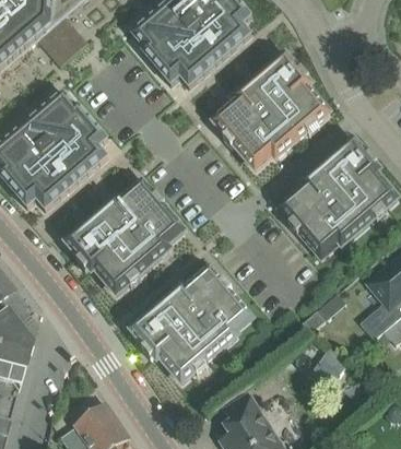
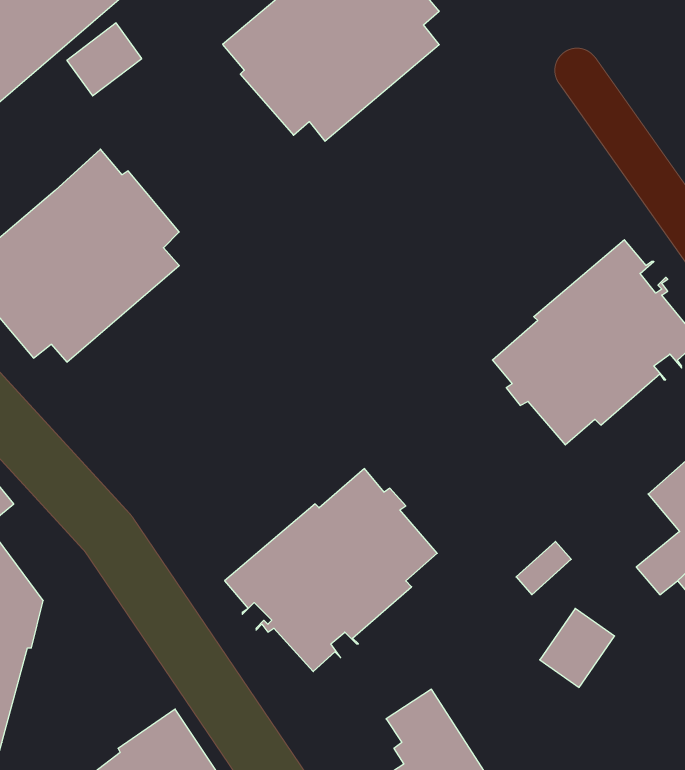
building: [214,56,328,167] -> none
building: [67,181,182,292] -> none

